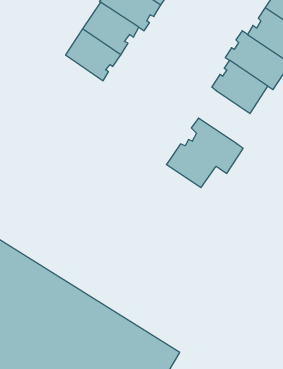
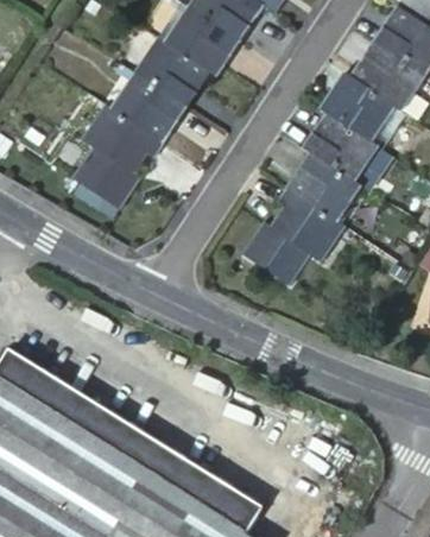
building: none -> [68,103,159,209]
building: none -> [286,156,361,227]

